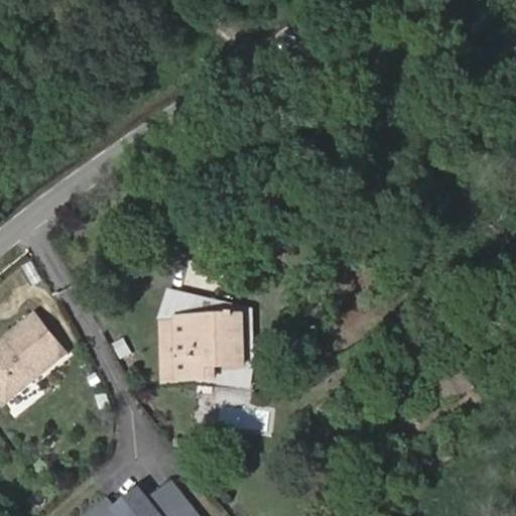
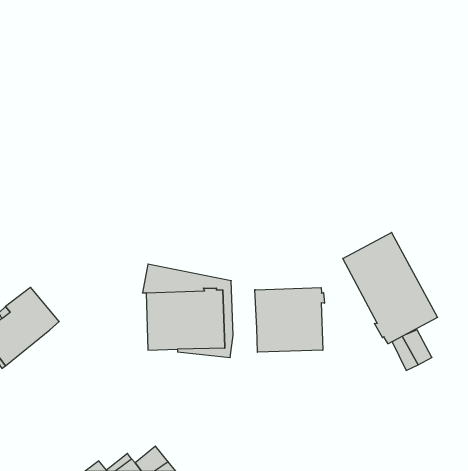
building: none -> [343,232,438,344]
building: none -> [255,288,324,352]

